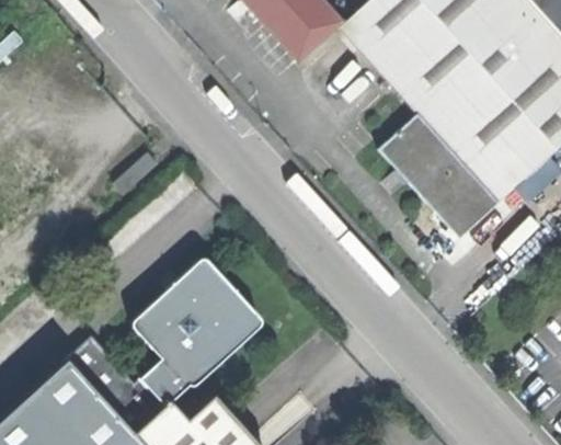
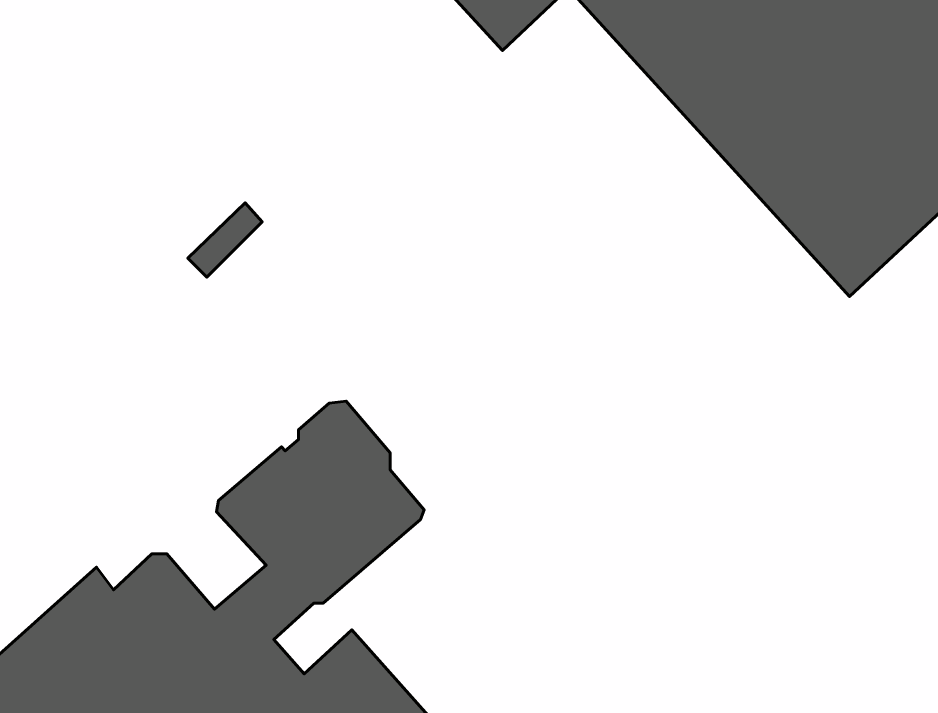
building: [379,114,500,238] -> none

